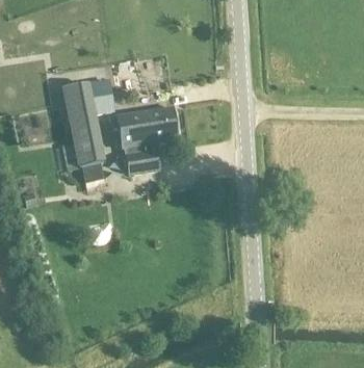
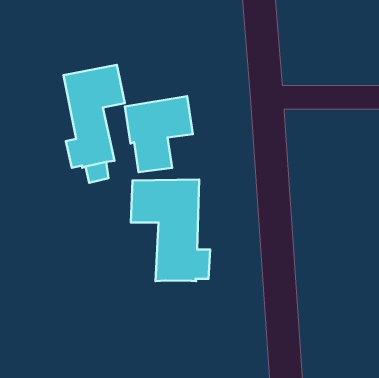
building: none -> [131,179,210,281]

